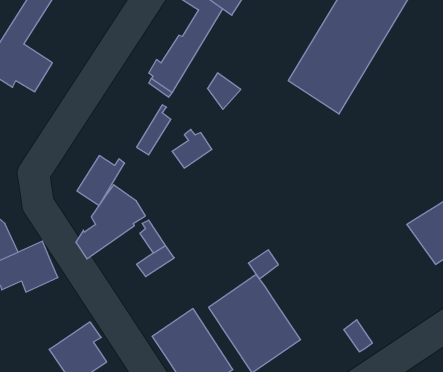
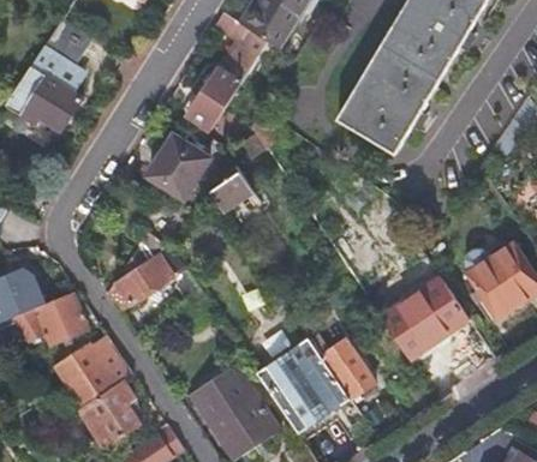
building: [77,156,125,205] -> [149,136,201,190]
building: none -> [382,278,471,359]
building: none -> [55,336,132,407]
building: none -> [312,336,375,397]

